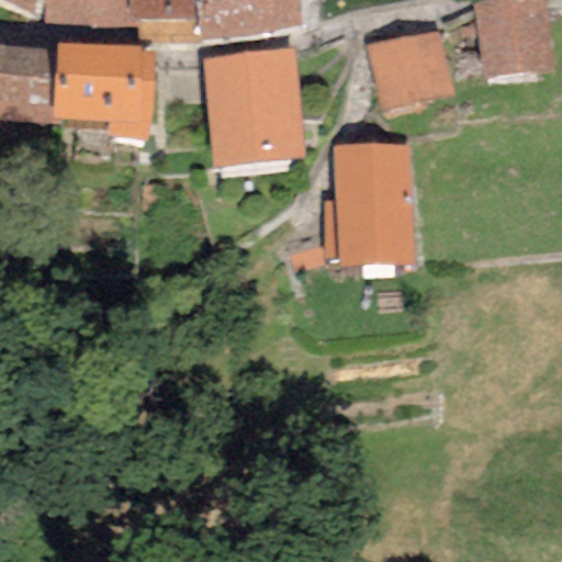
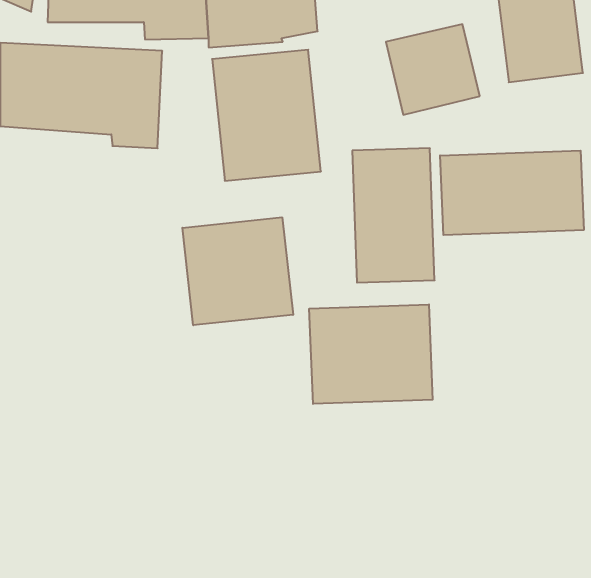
building: none -> [440,151,584,235]
building: none -> [182,217,293,325]
building: none -> [309,304,433,404]

